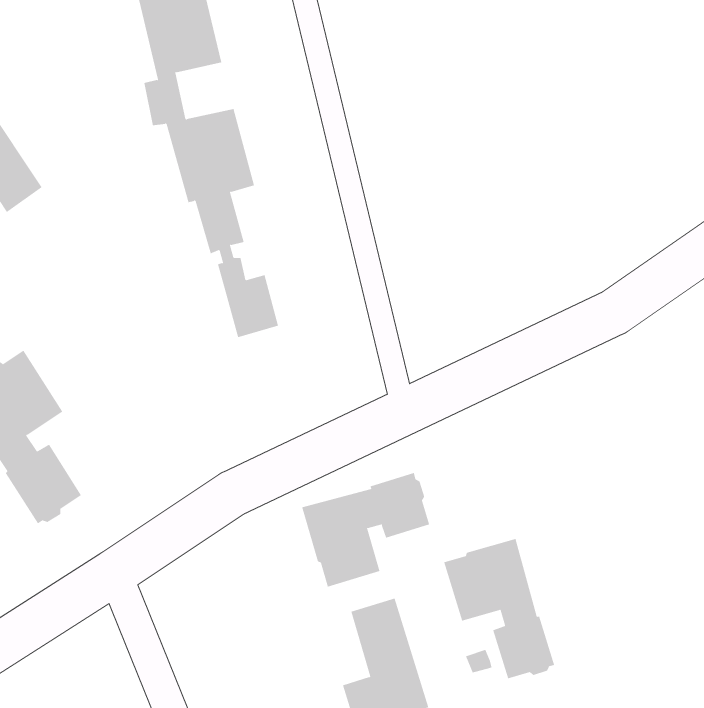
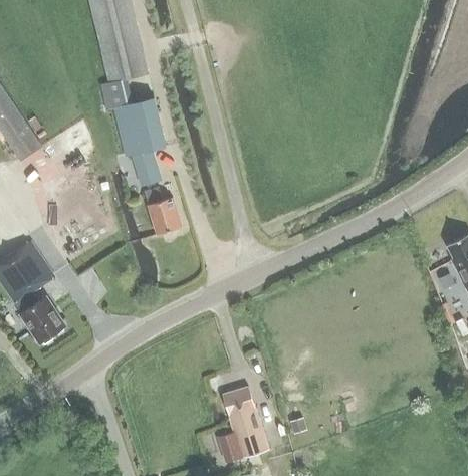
building: [301,472,430,588] -> none
building: [443,538,555,679] -> none

